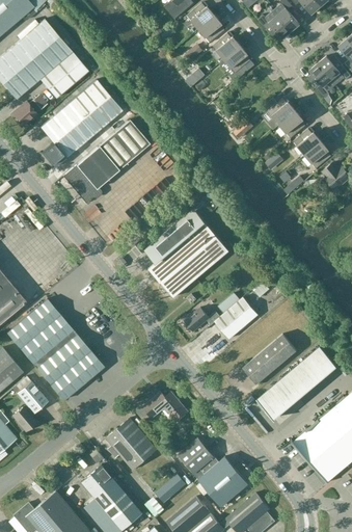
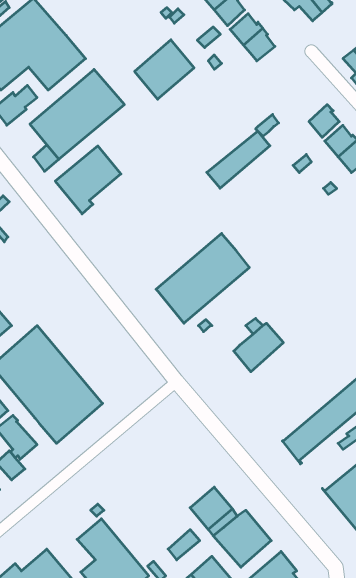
building: [268,98,295,129] -> none
building: [99,118,150,169] -> [135,40,194,99]
building: [151,208,205,257] -> [207,131,270,188]
building: [184,308,220,331] -> none
building: [243,334,296,383] -> none
building: [142,393,187,422] -> none
building: [106,419,157,471] -> none

